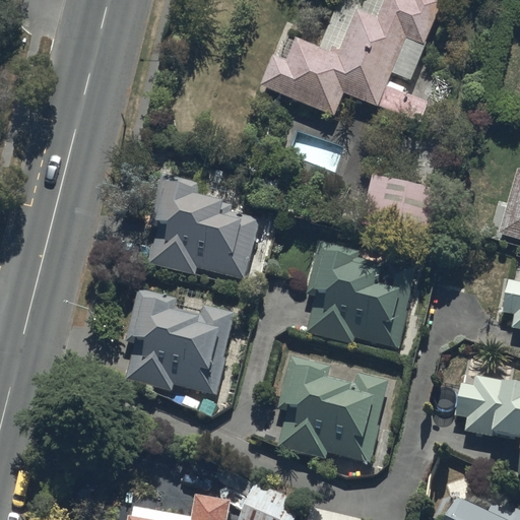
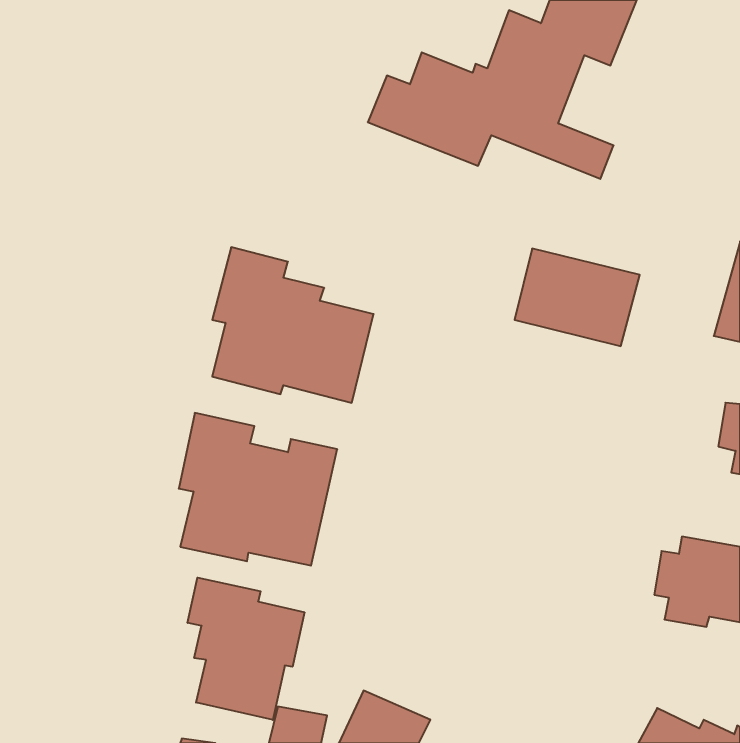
building: [305,243,419,349] -> none
building: [277,355,389,464] -> none
building: none -> [188,578,304,720]

